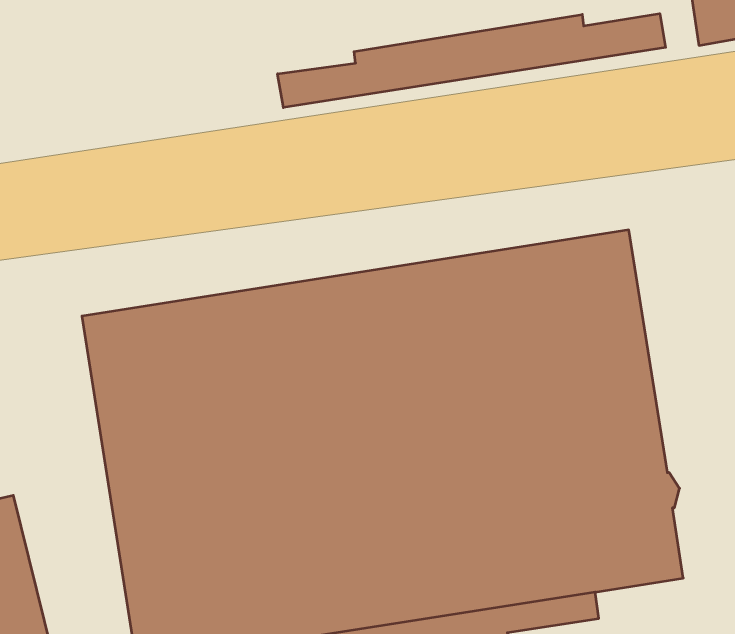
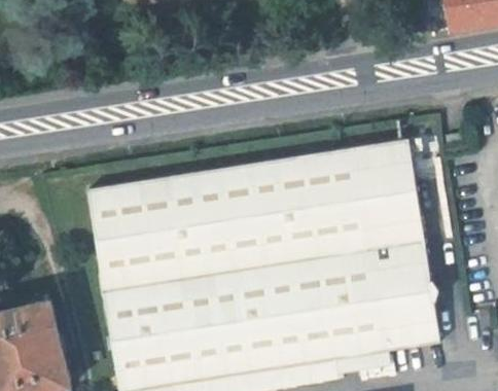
building: [278,14,666,108] -> none

